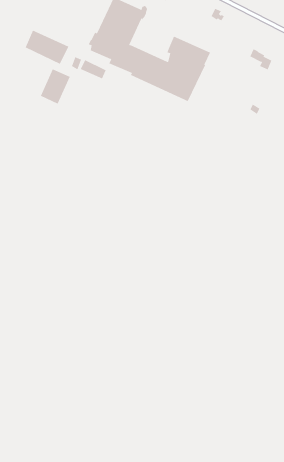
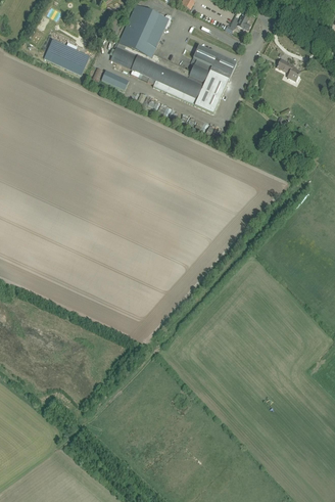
building: [40,69,71,104] -> none

